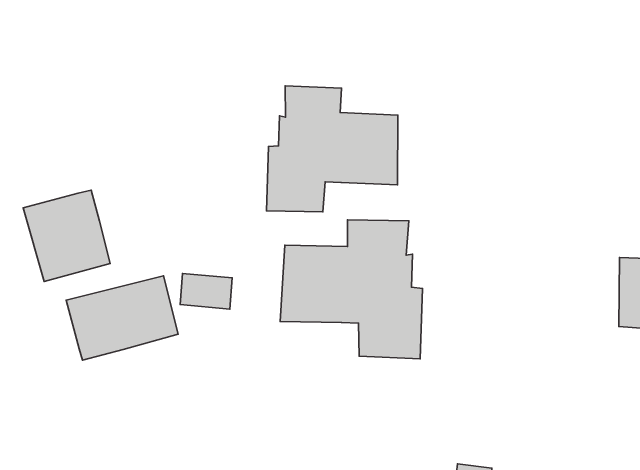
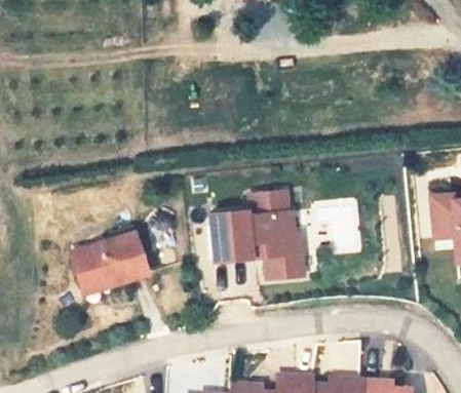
building: [266,86,398,212] -> none
building: [23,190,110,281] -> none

